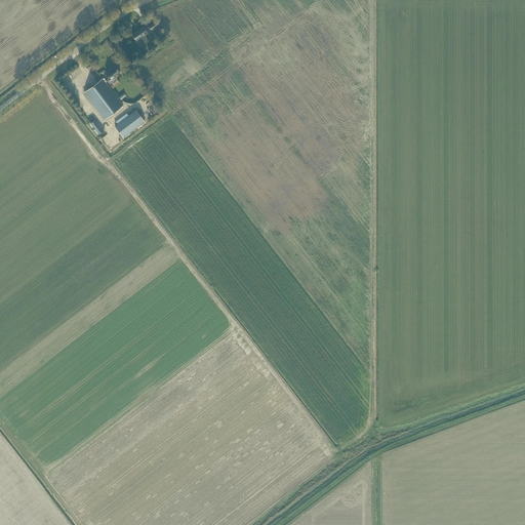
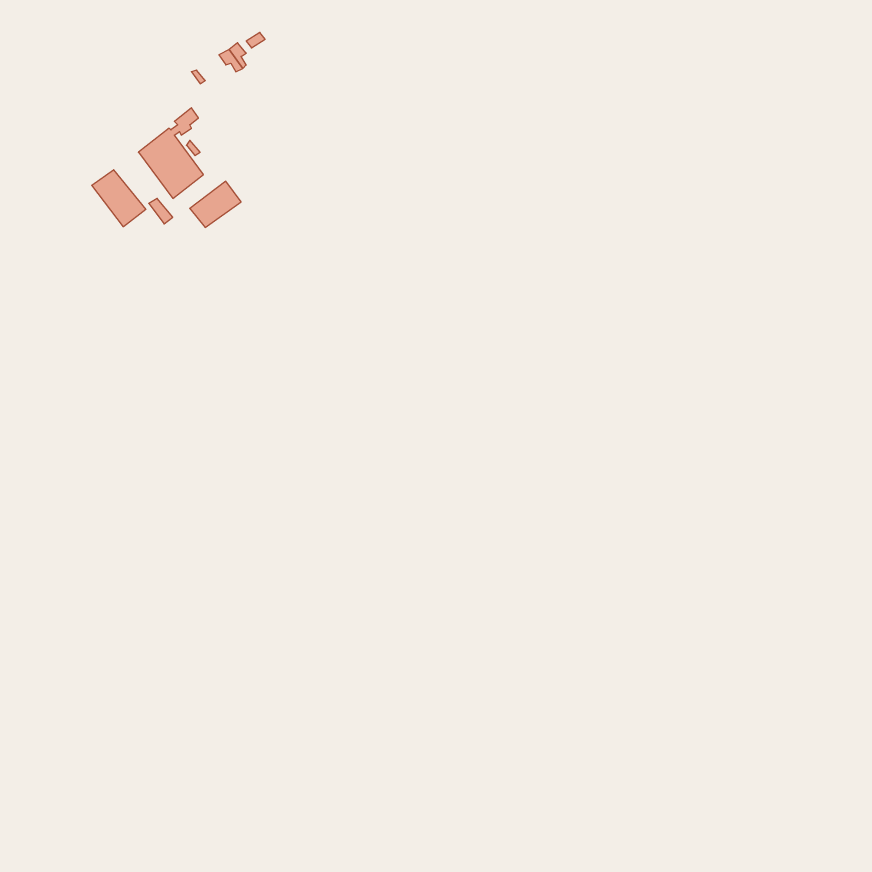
building: none -> [92,170,146,227]

